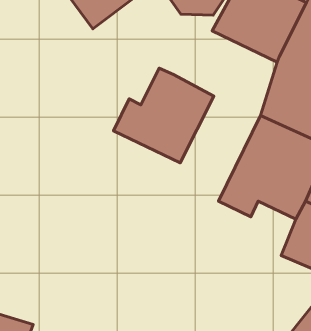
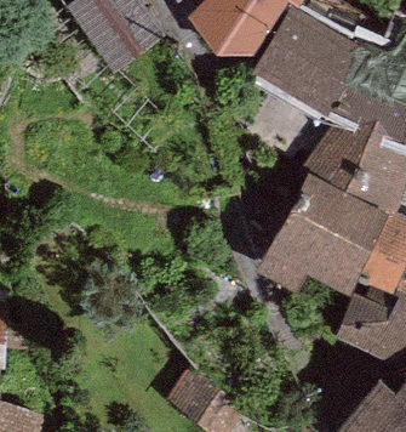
building: [114,68,214,163] -> none

